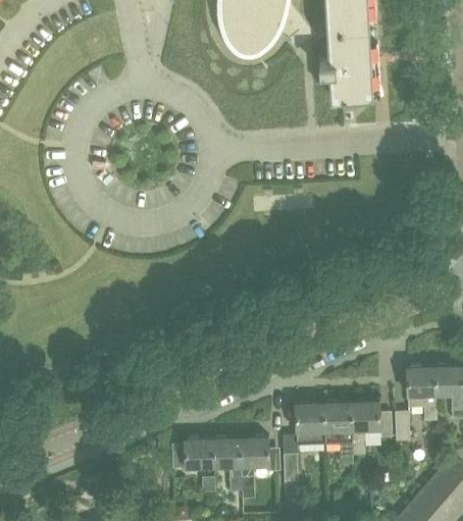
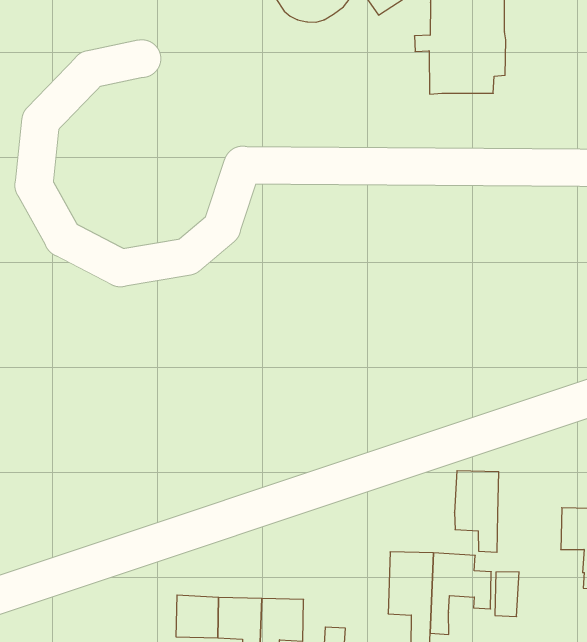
building: [406,367,435,420] -> [454,471,499,552]
building: [295,403,323,446] -> none

